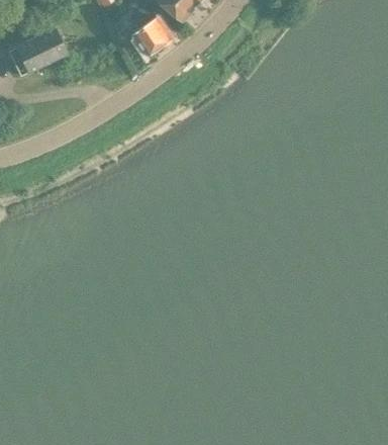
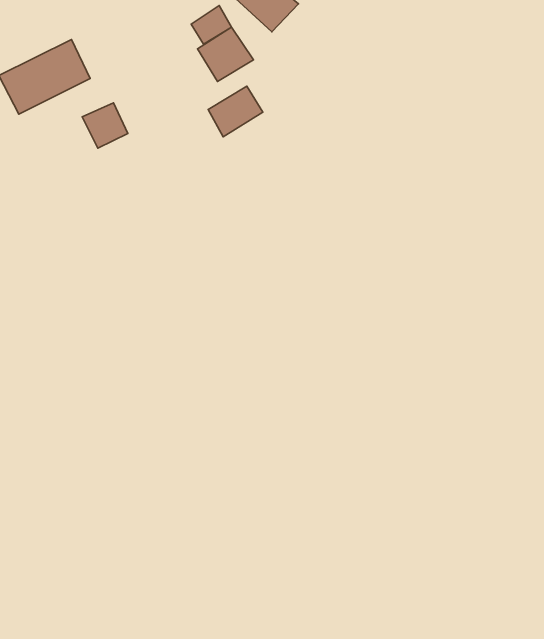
building: none -> [208,86,263,137]
building: none -> [82,103,128,148]

